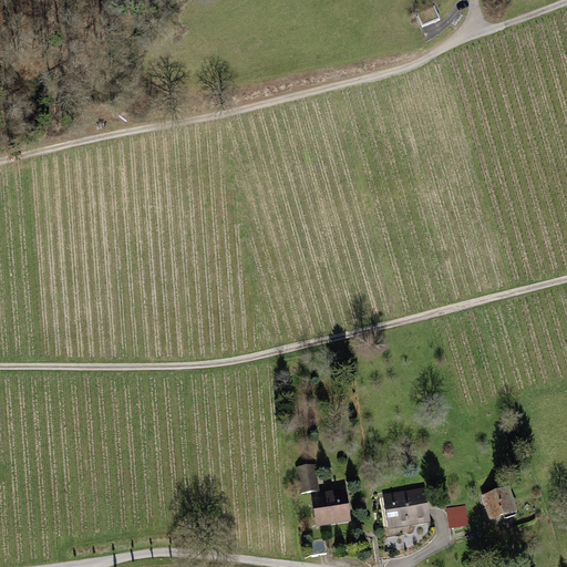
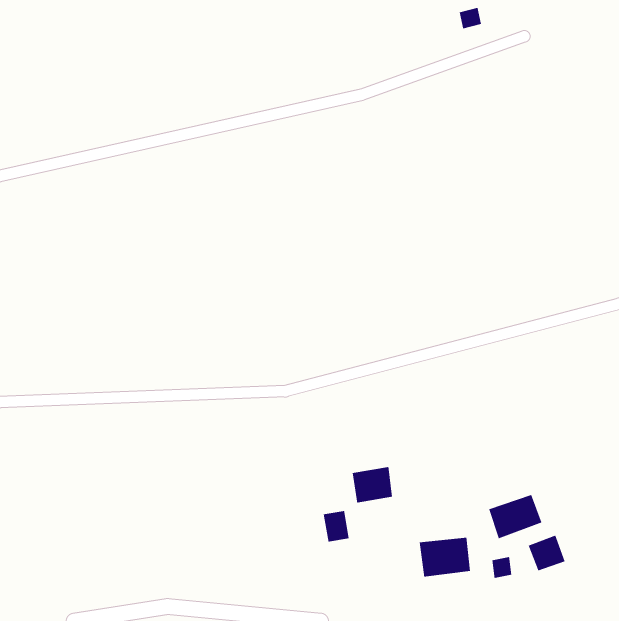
building: none -> [489,494,542,539]
building: [312,494,350,527] -> [352,467,393,503]

